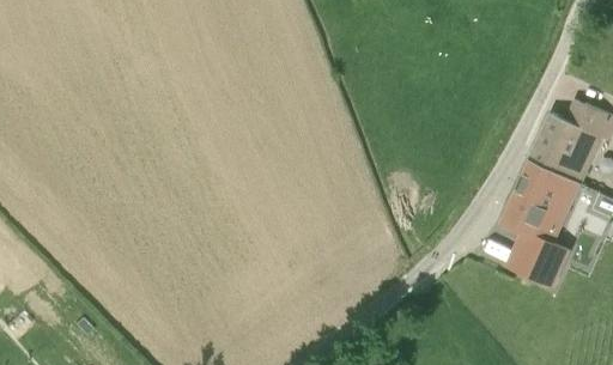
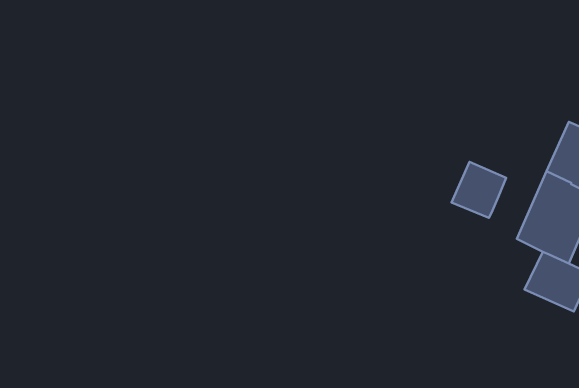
building: none -> [451,162,506,218]

